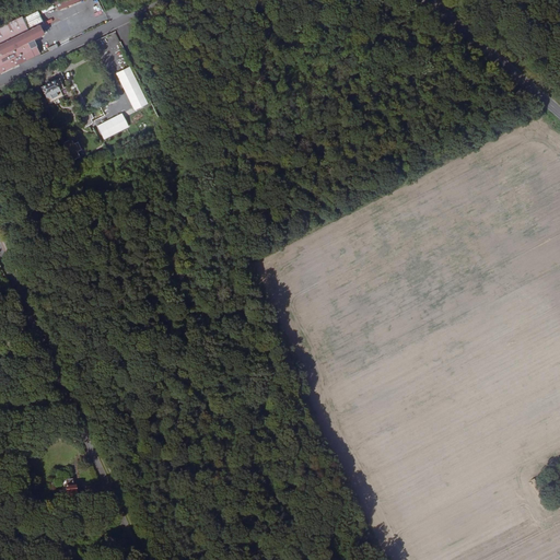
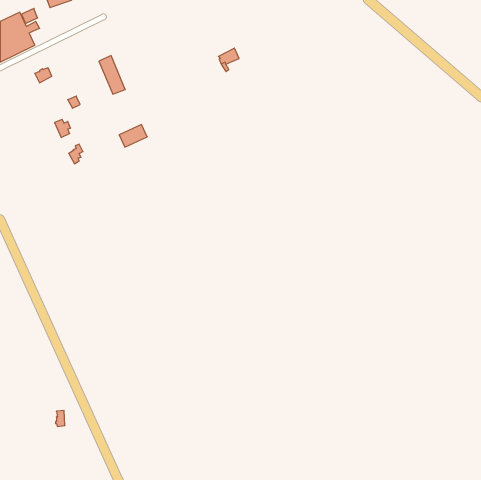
building: [95,113,128,139] -> [119,125,147,147]

